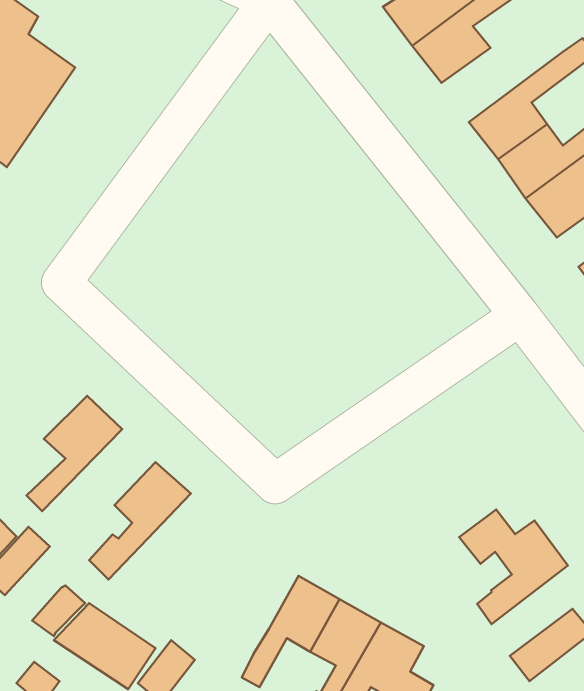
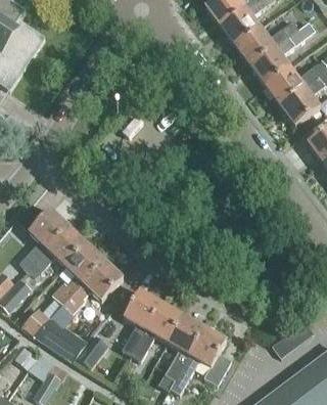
building: none -> [236,20,299,65]
building: none -> [28,226,87,276]
building: none -> [62,260,124,316]
building: [459,510,568,624] -> none
building: none -> [122,289,161,356]

